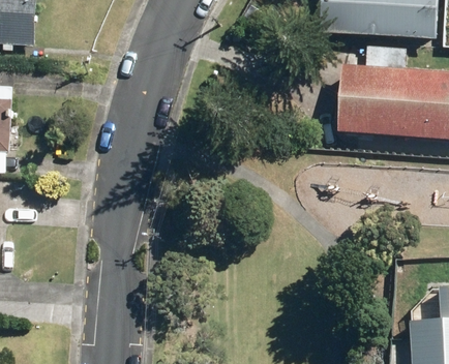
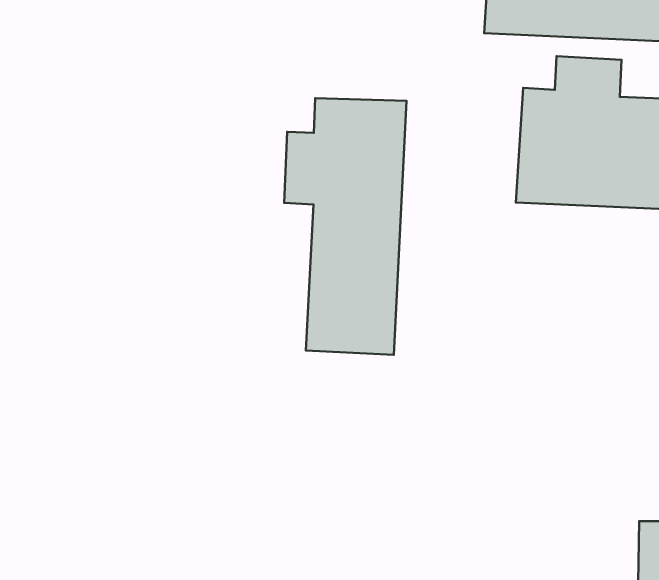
building: none -> [284,98,406,355]

